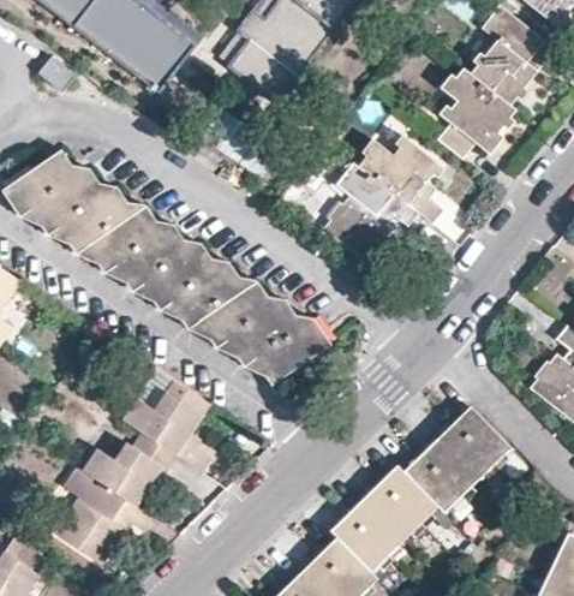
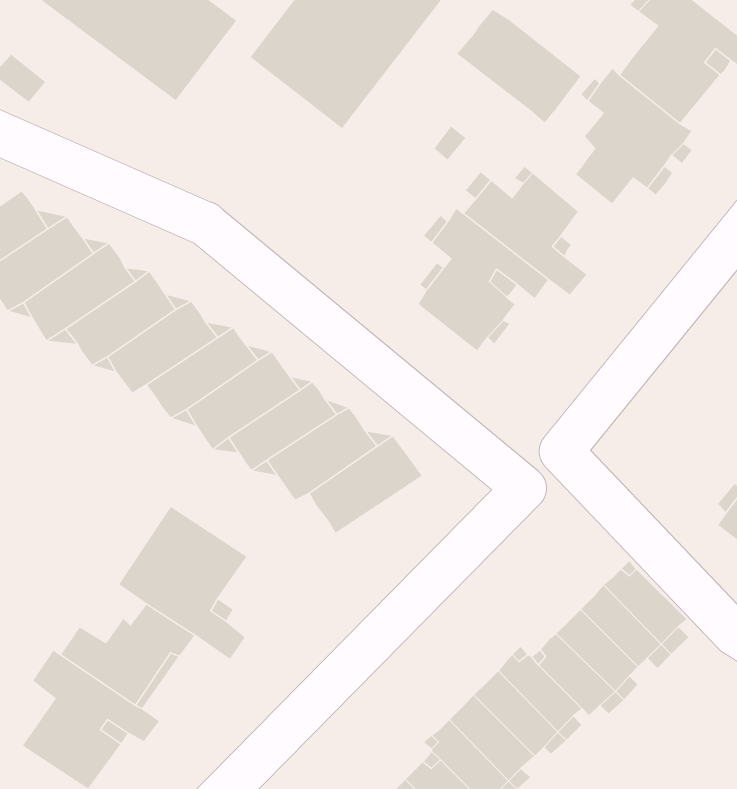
building: none -> [456,9,582,123]

